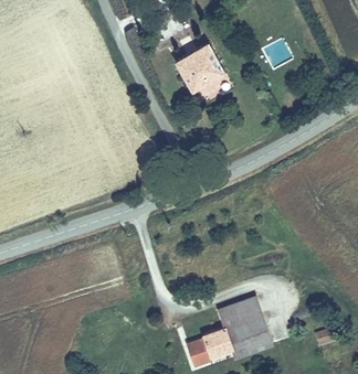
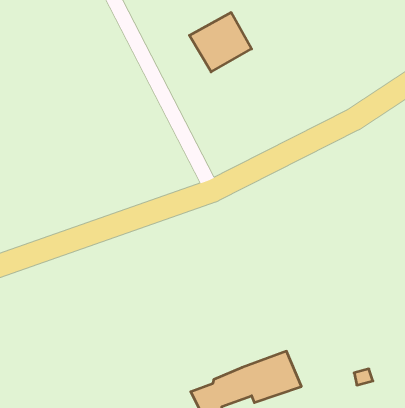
building: [214,298,257,330] -> none

